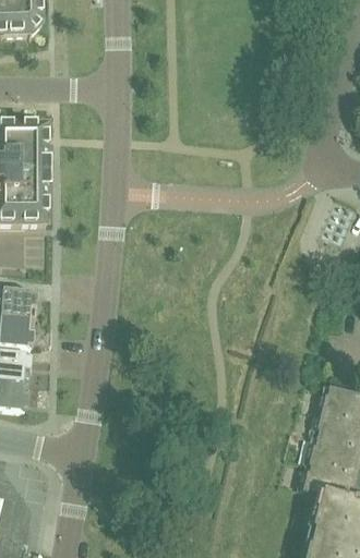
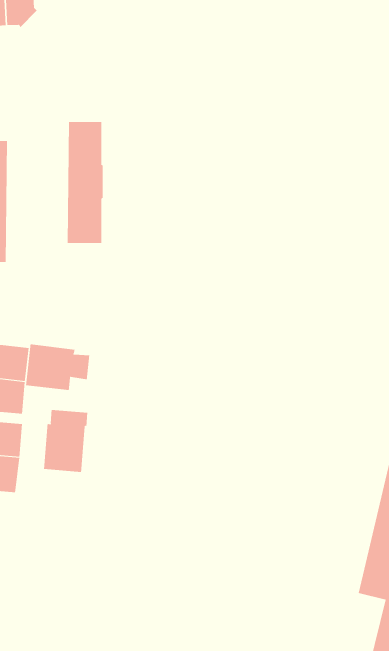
building: [17,129,47,227] -> [67,121,104,243]
building: none -> [25,344,90,391]
building: none -> [43,409,88,473]

